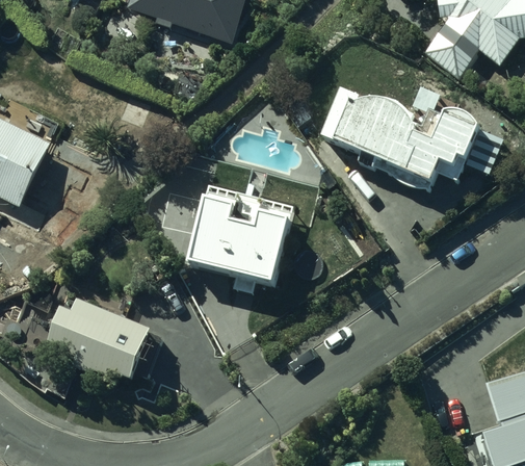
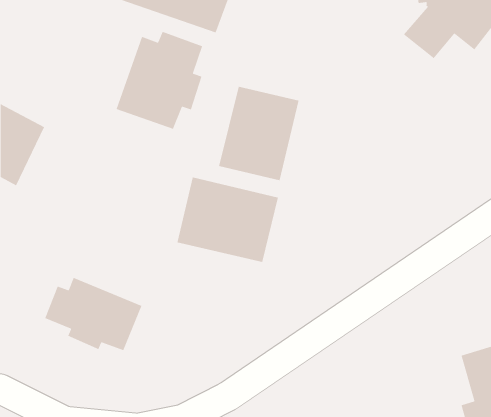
building: none -> [116,31,203,130]
building: [320,85,479,179] -> none
building: none -> [218,86,299,181]

